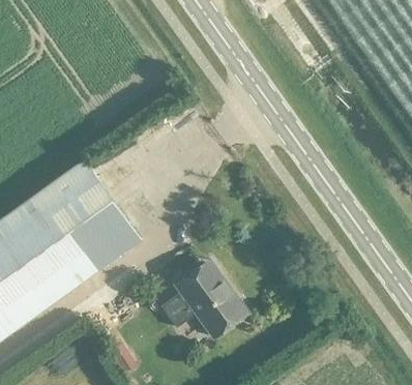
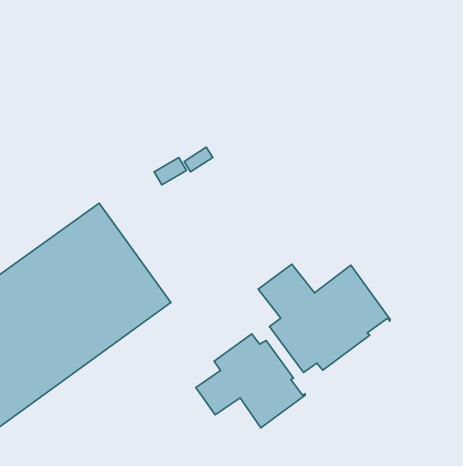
building: none -> [258,264,390,373]

